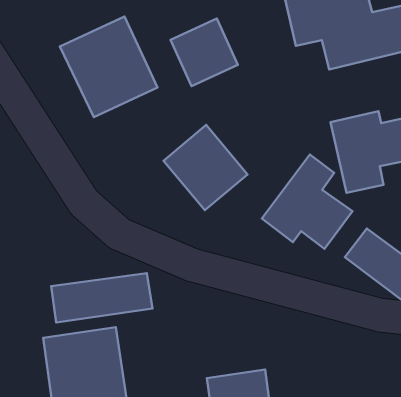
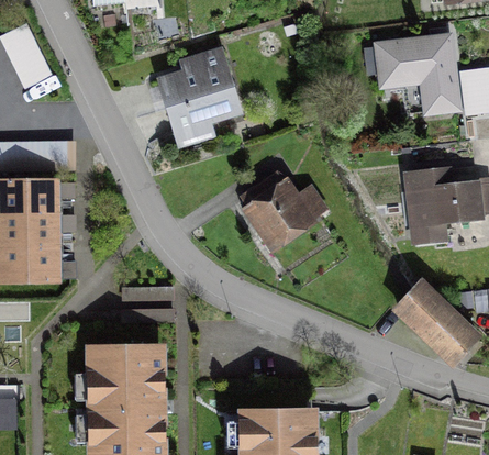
building: [171,19,238,86] -> none
building: [262,155,352,249] -> none
building: [51,273,152,323] -> none

